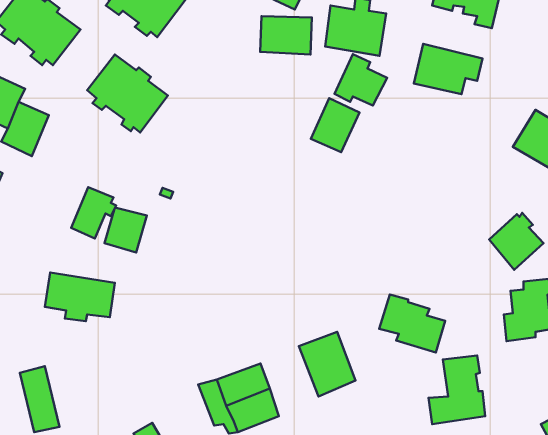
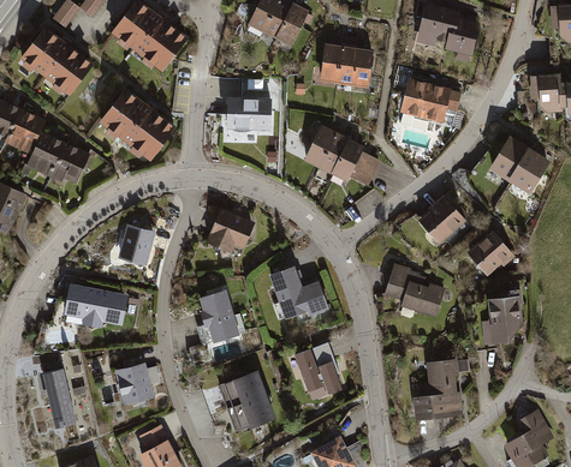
building: [260,16,312,55] -> [225,97,272,132]
building: [334,54,387,106] -> [332,139,380,186]
building: none -> [416,194,469,247]
building: none -> [207,204,254,251]
building: [71,187,116,239] -> [50,142,91,188]
building: none -> [270,263,331,317]
building: none -> [197,287,245,345]
building: [379,294,445,352] -> [386,264,446,317]
building: none -> [115,360,161,405]

